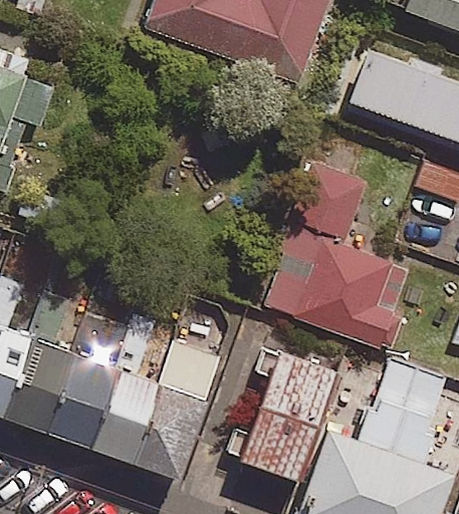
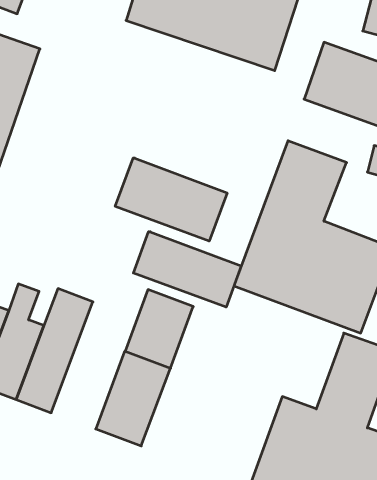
building: none -> [115,158,227,241]
building: none -> [133,232,241,307]
building: [76,315,154,459] -> none
building: [232,346,329,476] -> none

